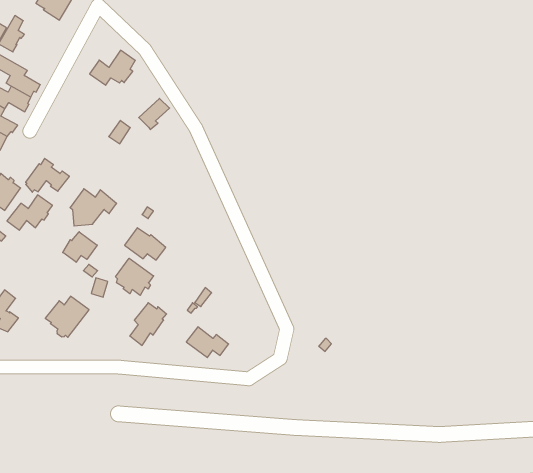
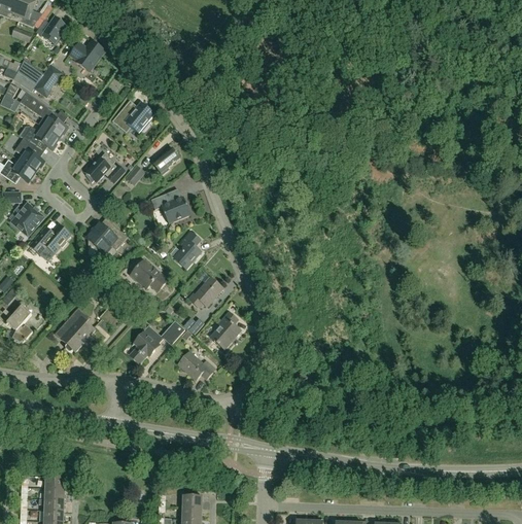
building: none -> [150,193,190,223]
building: [26,158,69,192] -> [85,153,125,183]
building: none -> [174,232,201,269]
building: [63,232,97,262] -> none
building: none -> [188,277,222,308]
building: [116,258,154,295] -> none
building: none -> [210,312,240,349]

